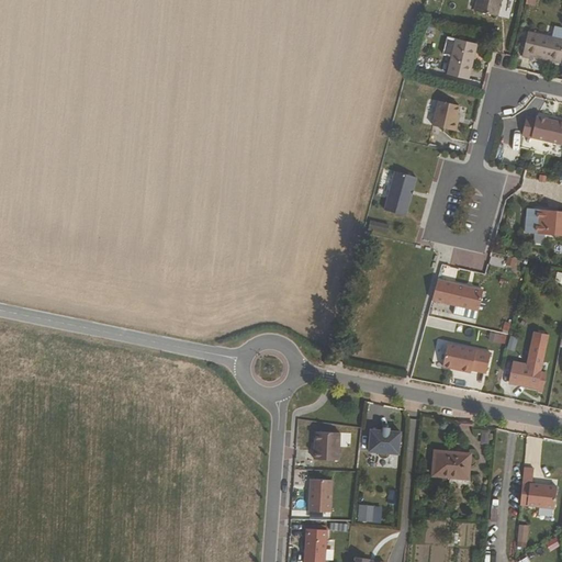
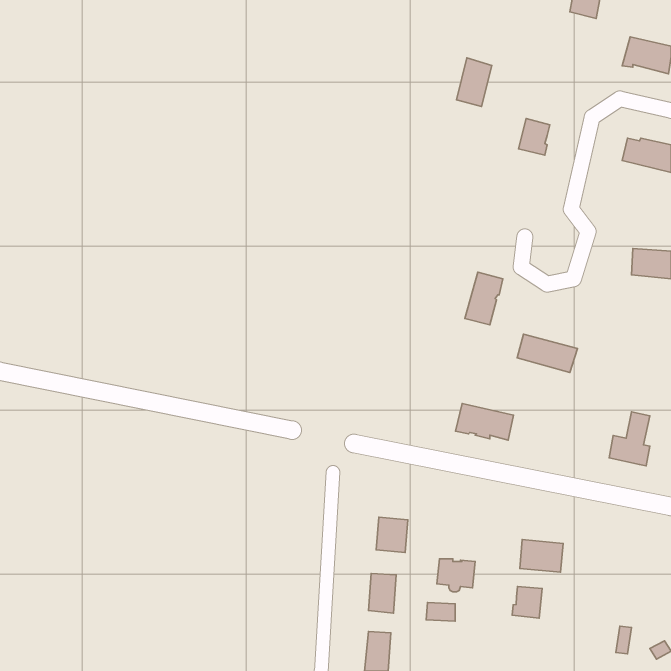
building: [446,37,475,78] -> [456,58,492,106]
building: [384,170,416,214] -> [465,272,503,325]
building: [441,342,490,373] -> [456,403,513,440]
building: [369,432,401,460] -> [437,559,475,592]
building: [519,471,554,513] -> none
building: none -> [512,587,542,618]

